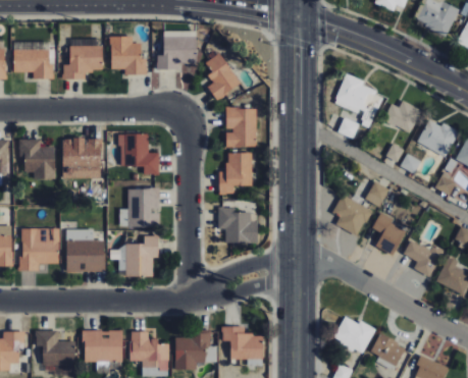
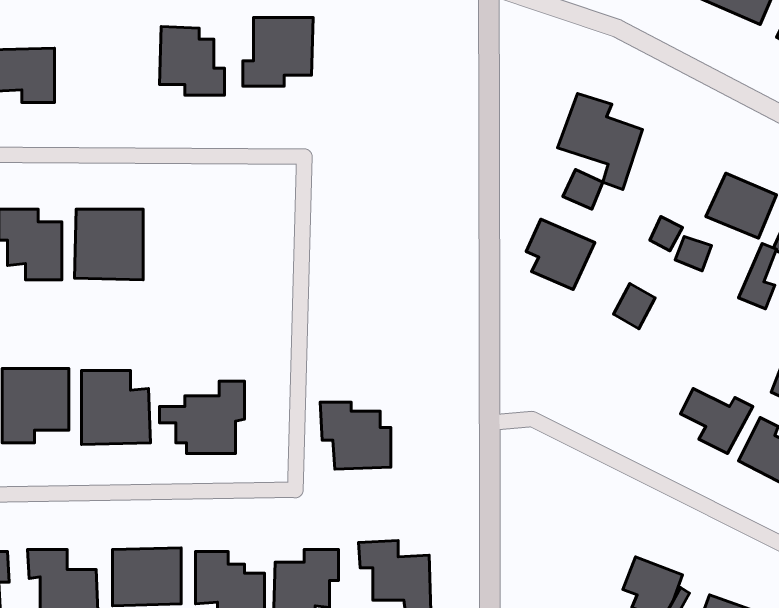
building: [63,45,101,78] -> none
building: [206,53,241,101] -> none
building: [384,100,424,133] -> none
building: [225,108,257,147] -> none
building: [120,133,159,174] -> none
building: [219,152,253,194] -> none
building: [119,187,160,227] -> none
building: [333,195,372,234] -> [526,219,595,290]
building: [218,207,258,245] -> [320,402,391,469]
building: [373,212,406,255] -> none
building: [334,315,375,354] -> none

